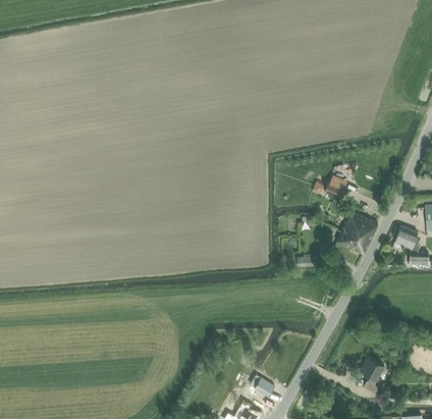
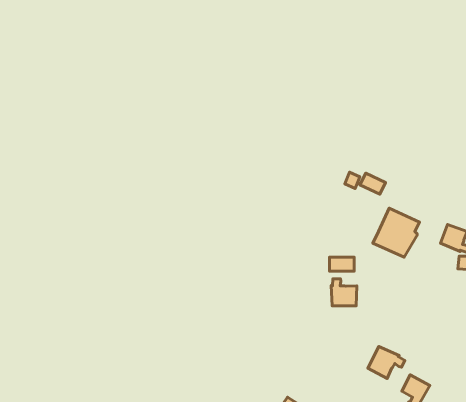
building: none -> [331,279,357,306]
building: none -> [368,346,405,379]

